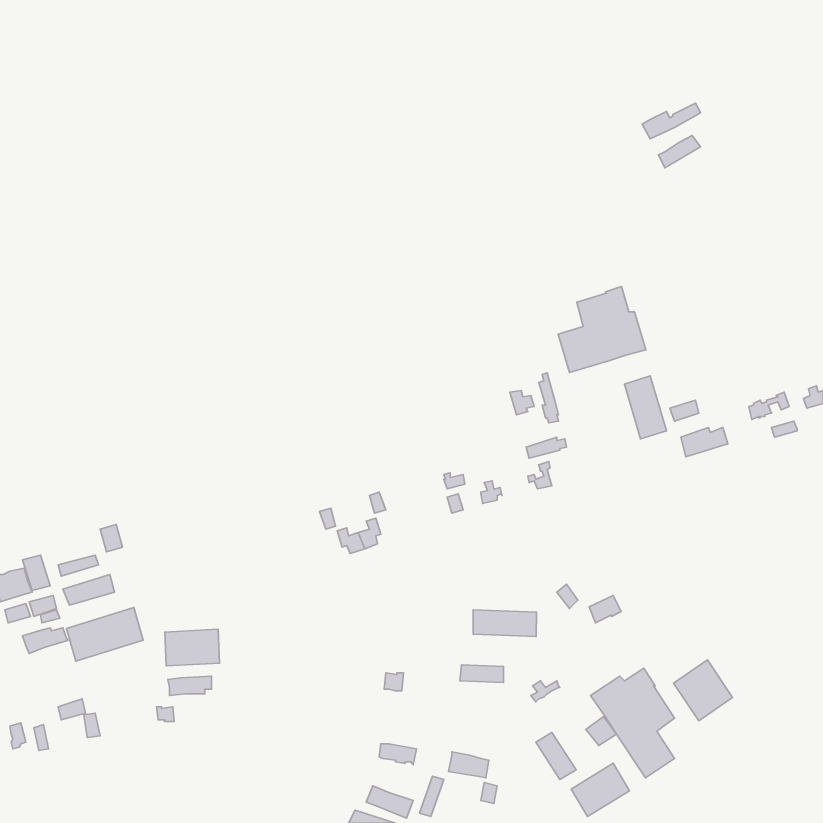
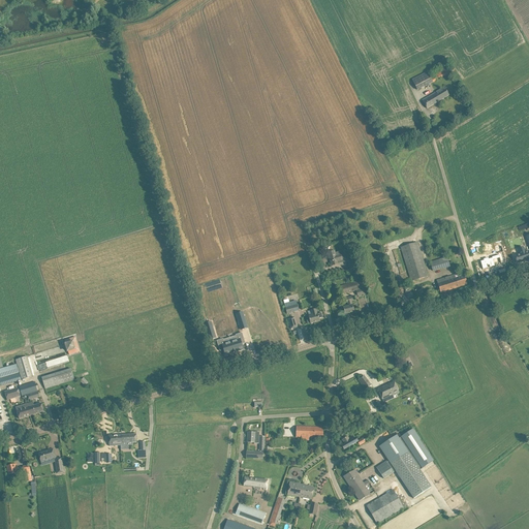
building: [558,286,646,372] -> none
building: [66,608,143,661] -> none
building: [473,610,536,636] -> none
building: [165,629,219,666] -> none
building: [674,660,733,721] -> none

